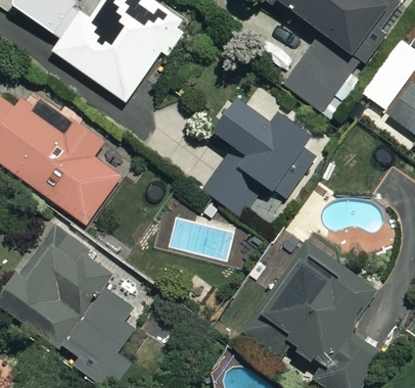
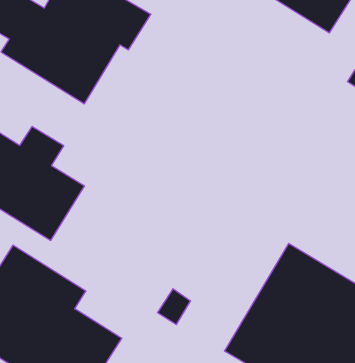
building: [284,41,352,109] -> none
building: [202,98,316,216] -> none

